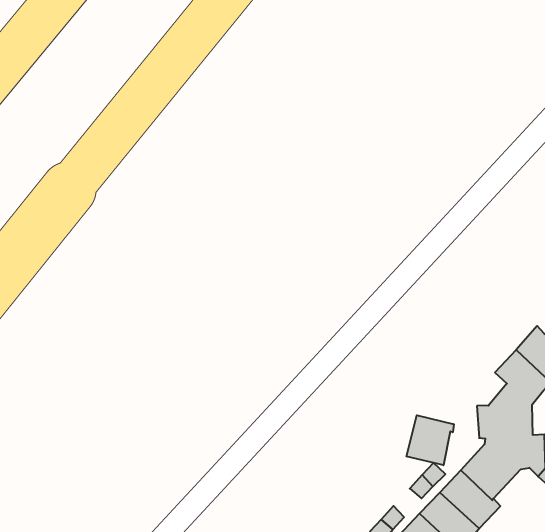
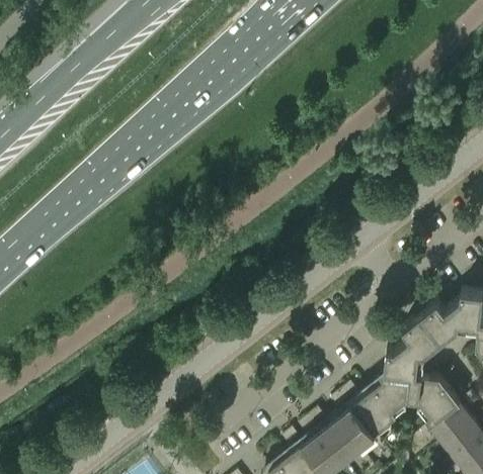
building: [406,415,454,465] -> none

